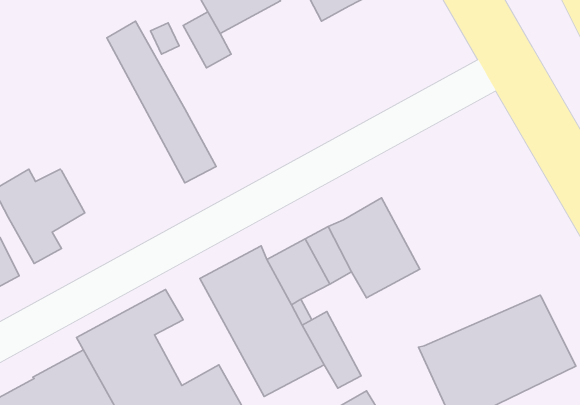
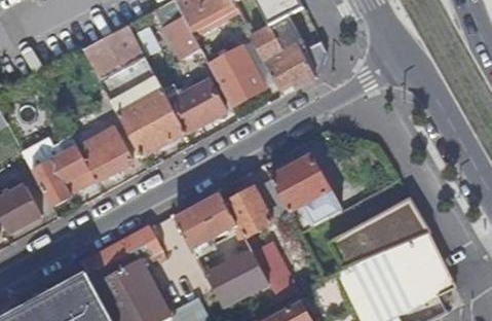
building: none -> [249,14,315,96]
building: none -> [81,36,163,157]
building: none -> [207,46,264,106]
building: none -> [163,80,225,133]
building: none -> [71,121,131,182]
building: none -> [328,195,430,267]

